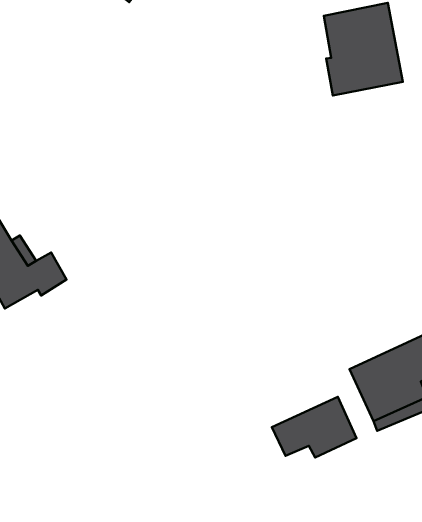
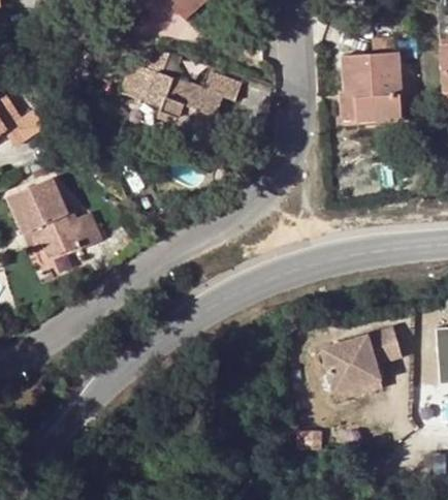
building: none -> [128,55,244,137]
building: [272,397,357,457] -> none

